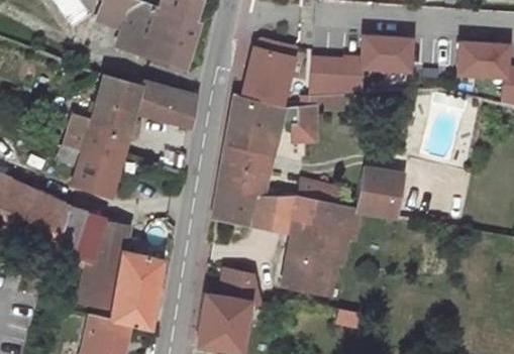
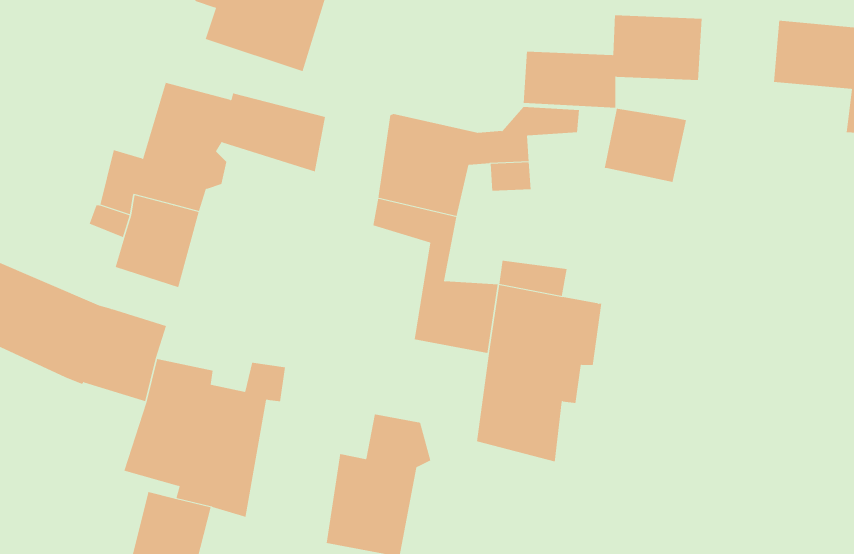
building: [240,35,302,101] -> none
building: [214,158,258,225] -> none
building: [356,168,405,212] -> [604,108,687,182]

